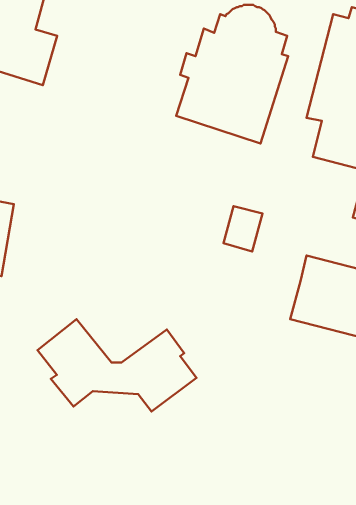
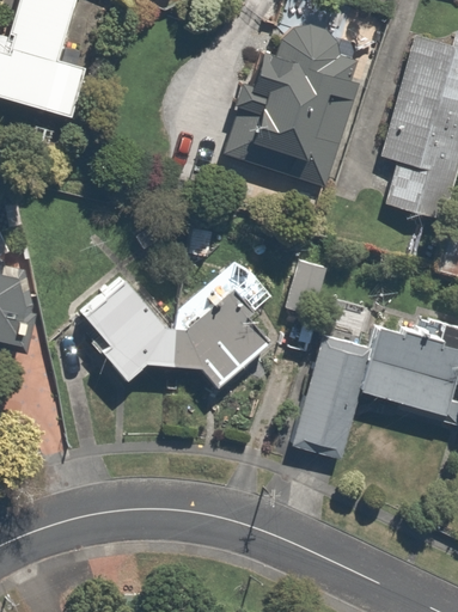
building: none -> [292,335,372,463]
building: [37,319,197,412] -> [84,279,269,386]

